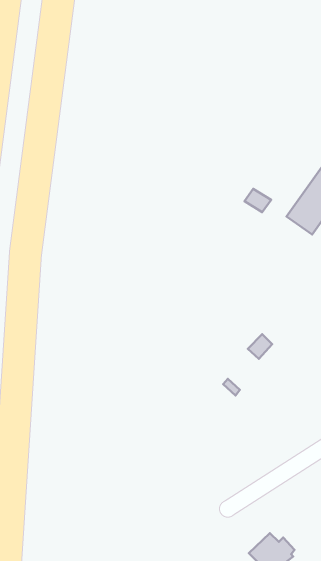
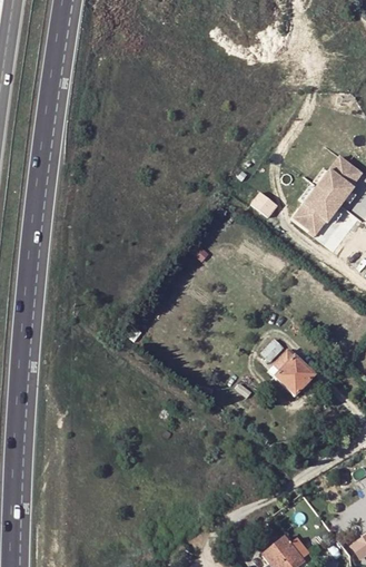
building: none -> [269,352,309,399]

